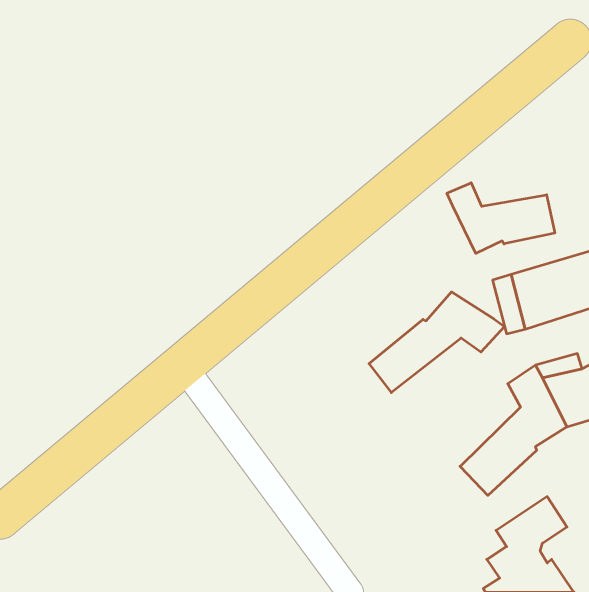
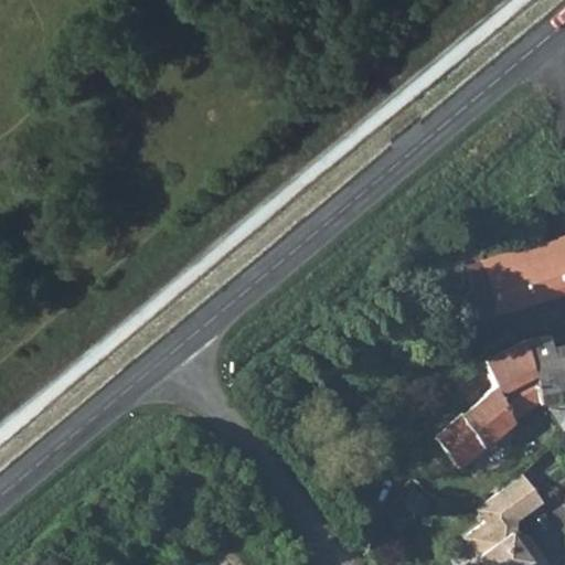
building: [447,183,555,253] -> none
building: [369,292,505,393] -> none

